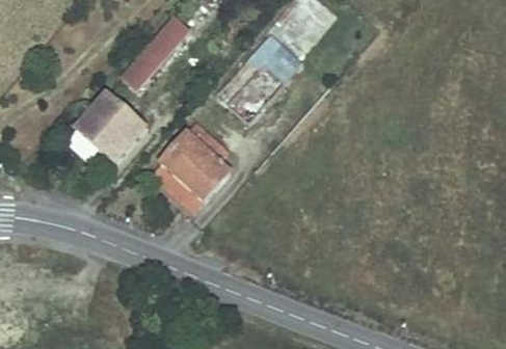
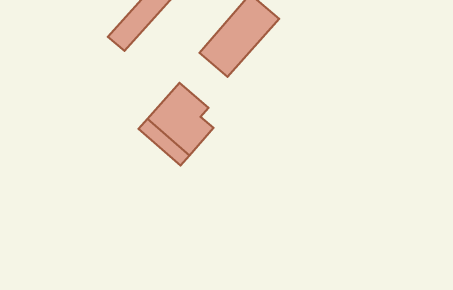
building: [77,93,143,160] -> none

